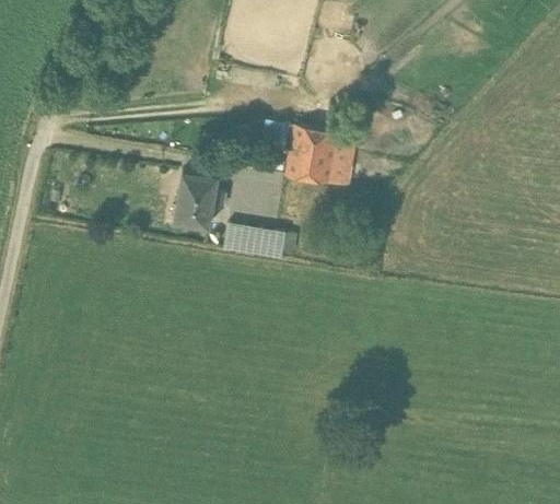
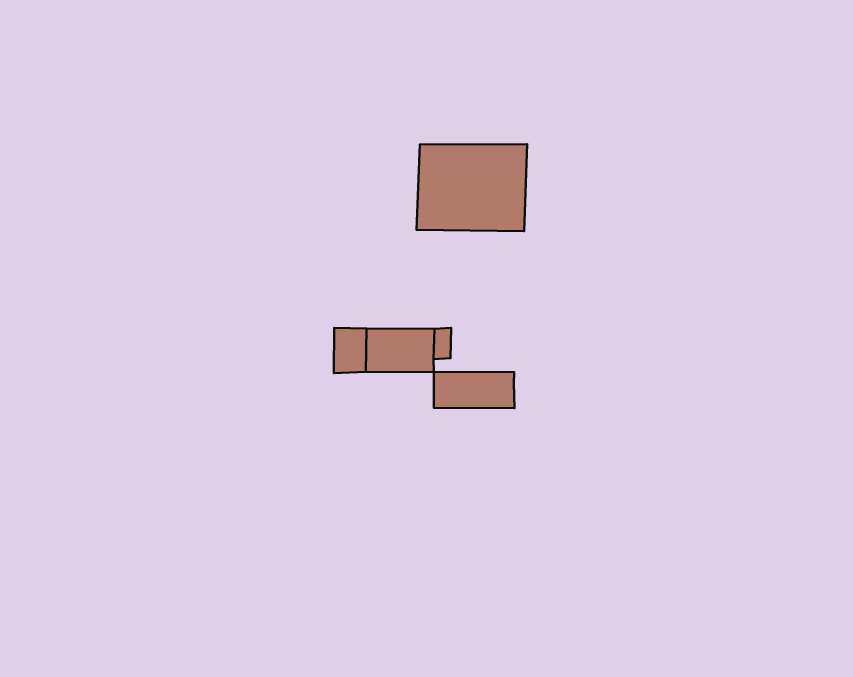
building: [173,172,223,227] -> none
building: none -> [434,372,514,408]

